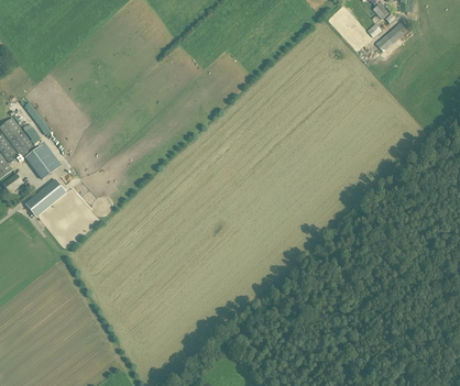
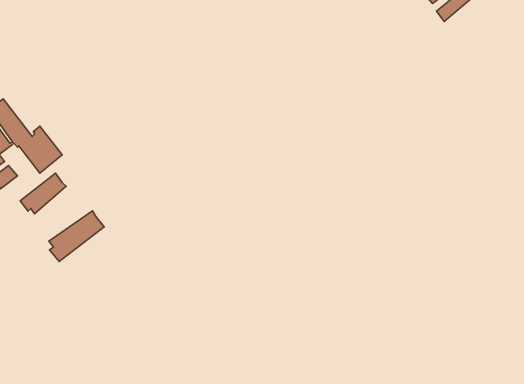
building: none -> [49,211,104,262]

